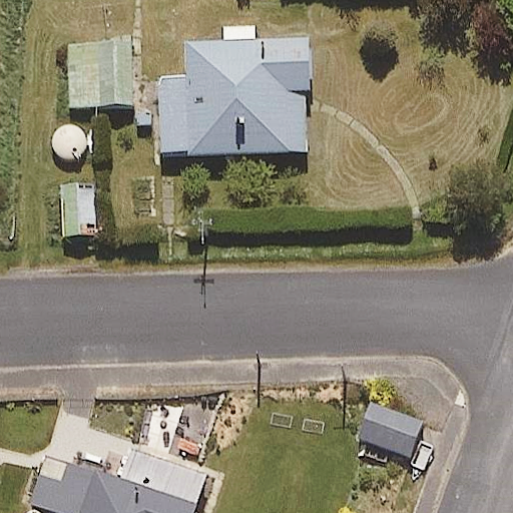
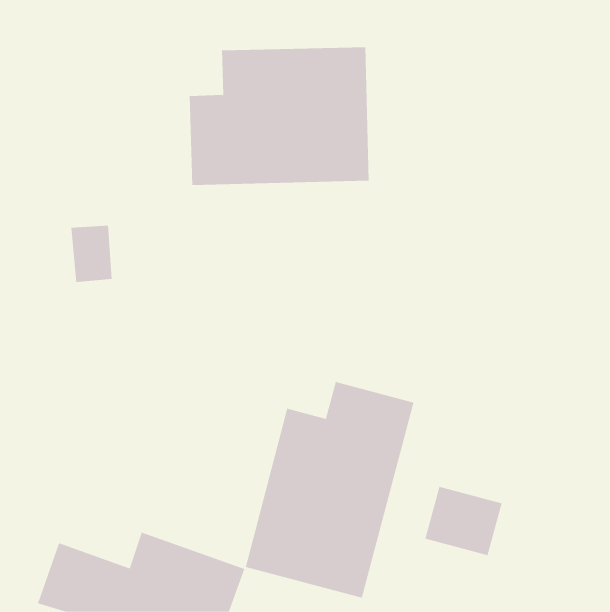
building: [68,43,132,107] -> none
building: none -> [245,381,414,598]

